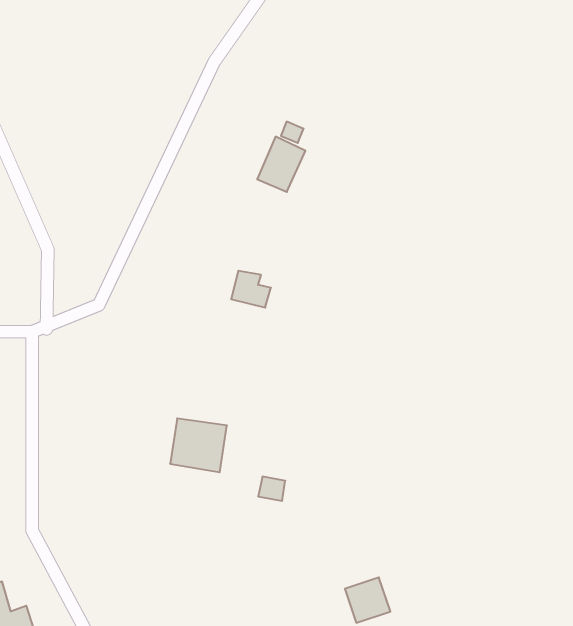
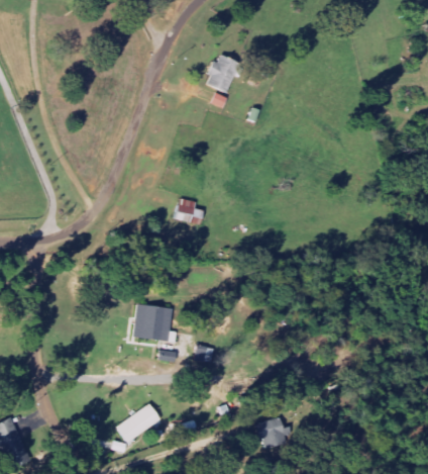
building: [257,137,305,192] -> [205,53,239,92]
building: none -> [116,403,160,444]

